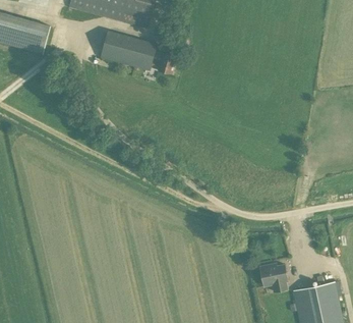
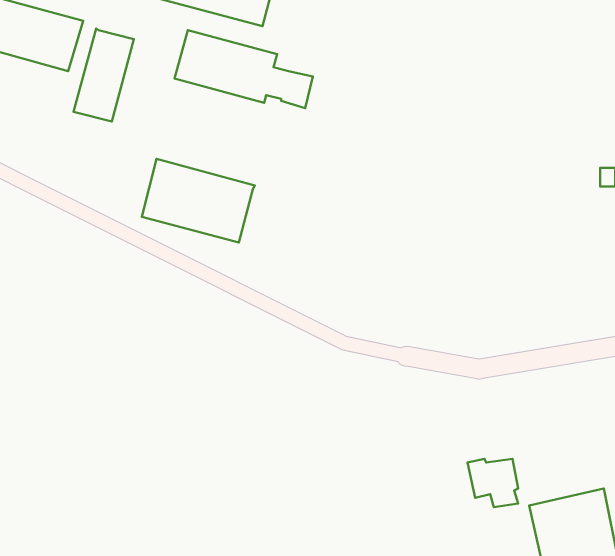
building: none -> [73,29,134,121]
building: none -> [142,159,255,243]

